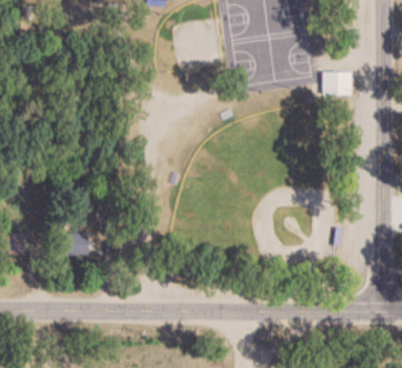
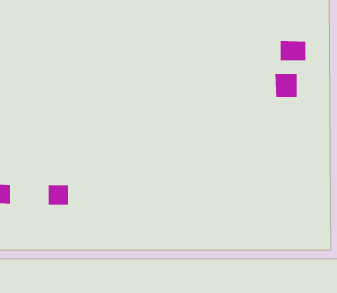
building: none -> [274,73,298,98]

